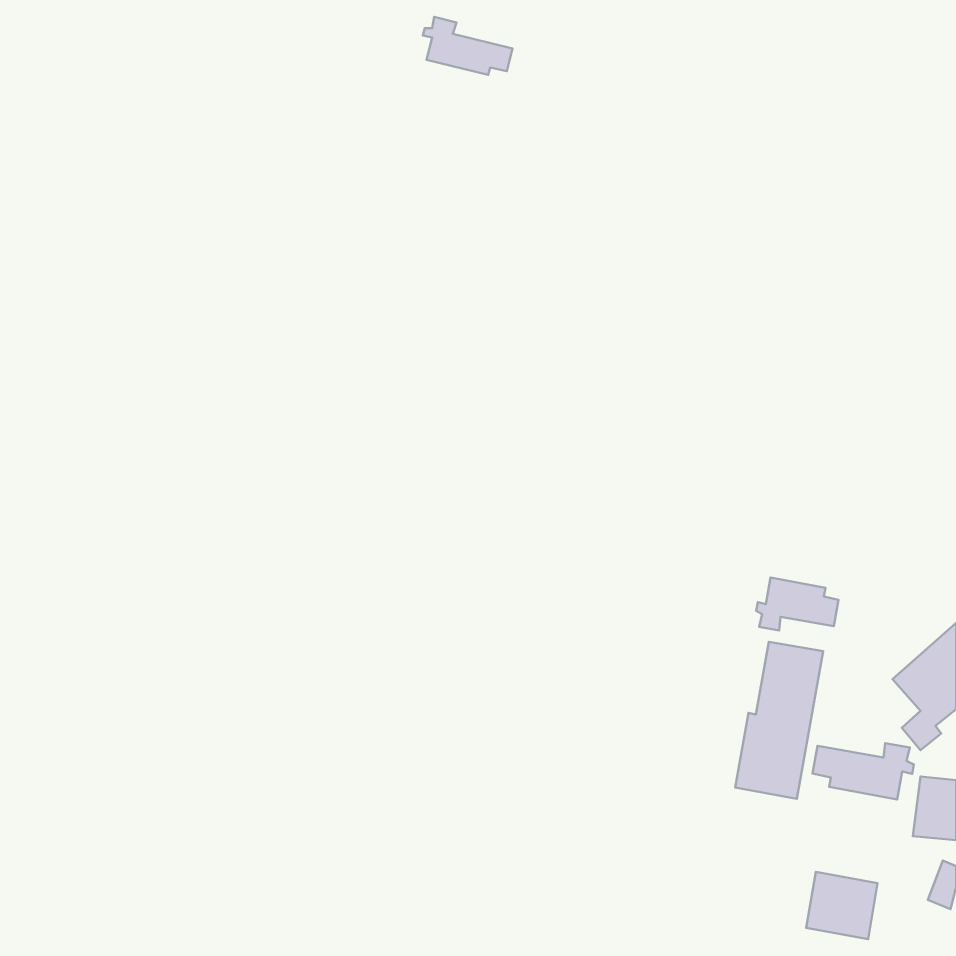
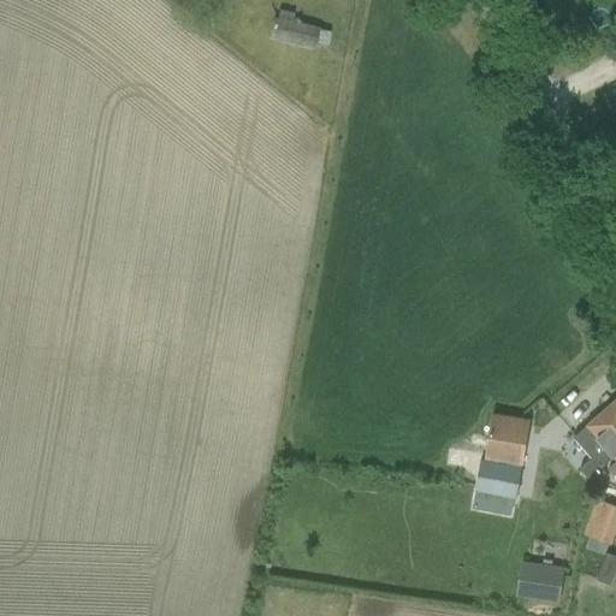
building: [756,578,839,630] -> none
building: [813,743,914,799] -> none

